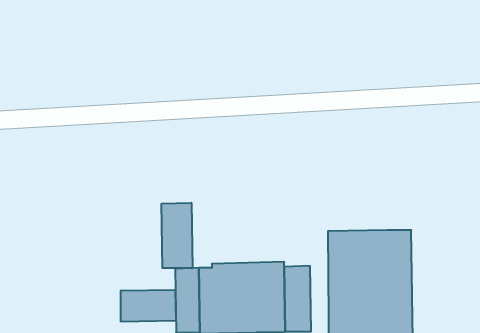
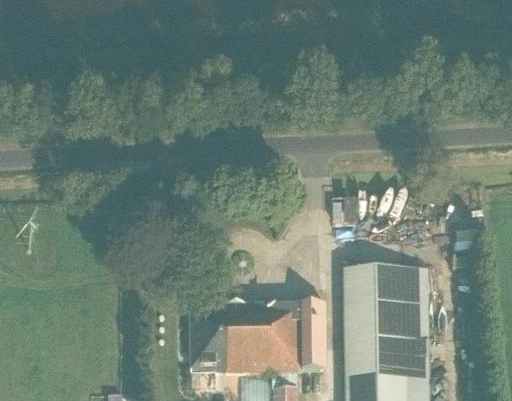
building: [162,203,192,268] -> none
building: [121,290,176,322] -> none

